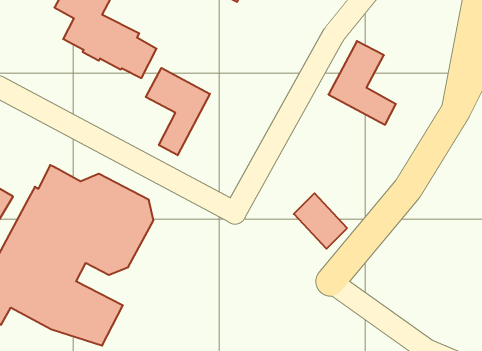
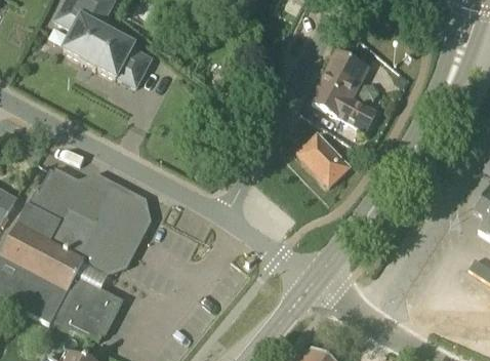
building: [146,68,210,155] -> none
building: [294,193,347,249] -> [298,133,349,186]

